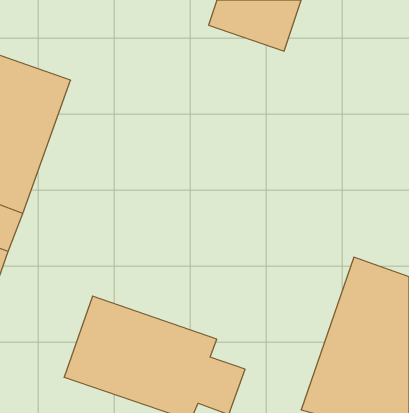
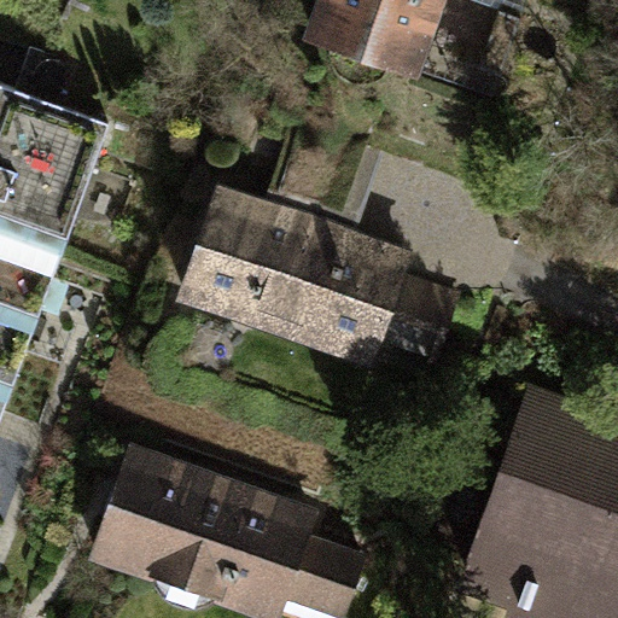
building: none -> [176,185,454,369]

